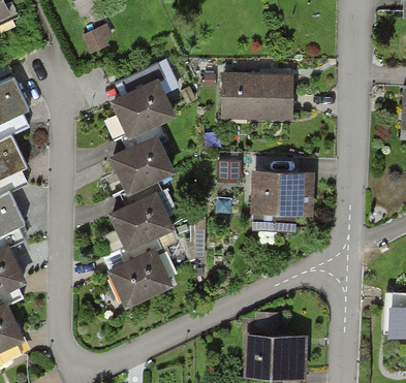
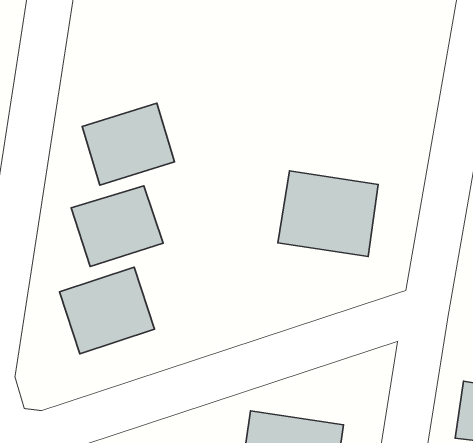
building: [221,69,301,122] -> none
building: [108,82,173,140] -> none

